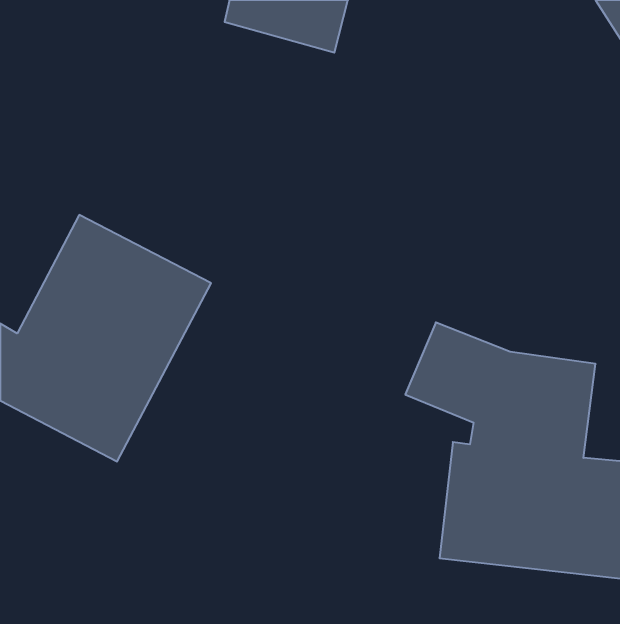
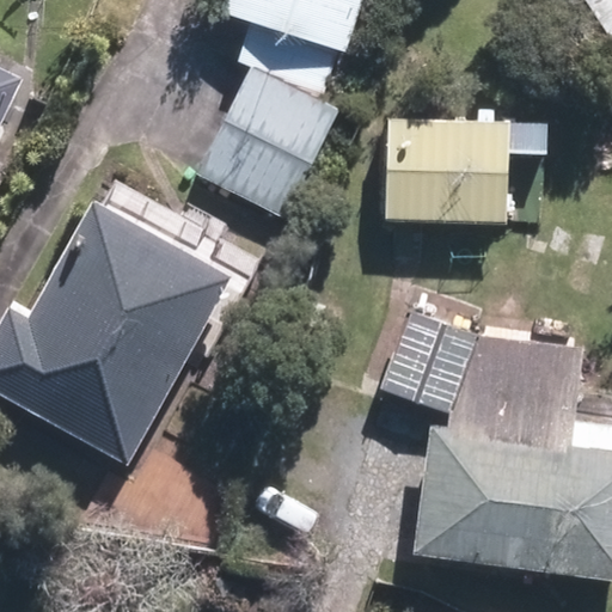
building: none -> [203,78,339,218]
building: none -> [387,123,500,215]

